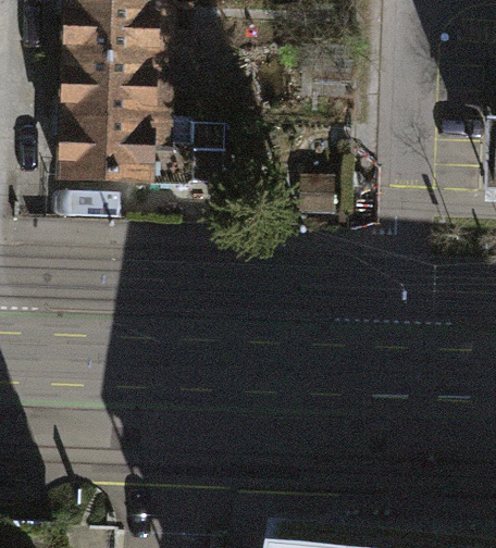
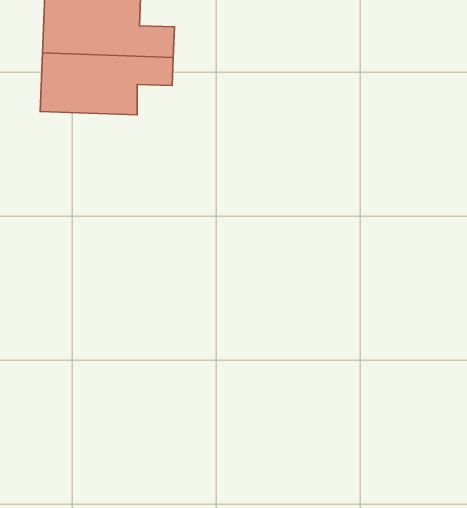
building: [67,121,195,186] -> none

